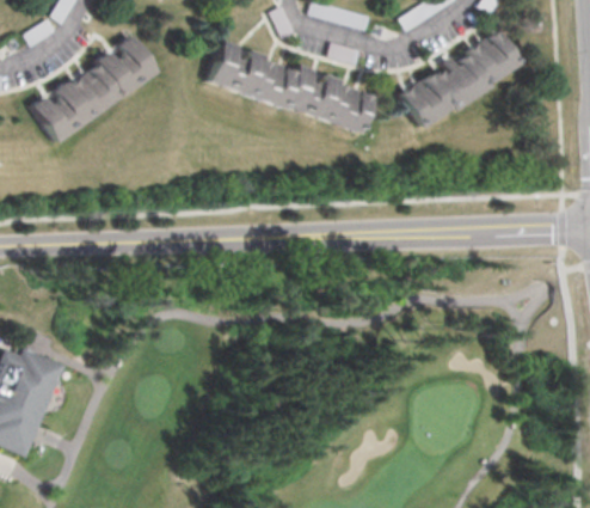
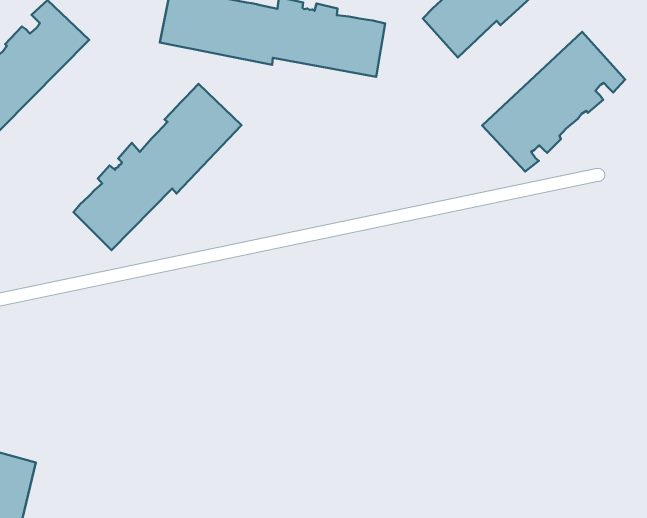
building: none -> [74,84,241,250]
building: none -> [482,32,625,172]

